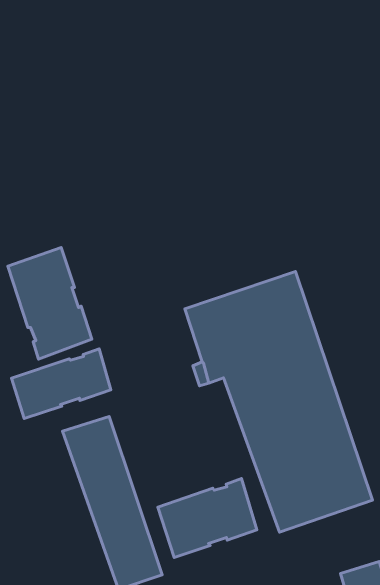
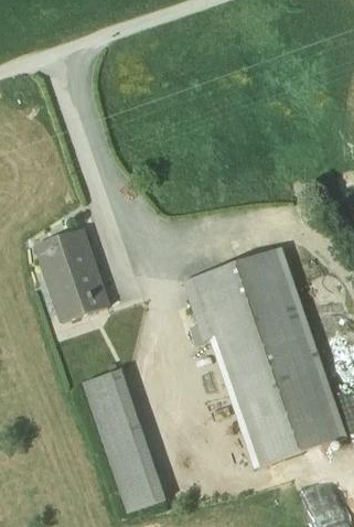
building: [12,349,111,419] -> none
building: [158,478,257,558] -> none

